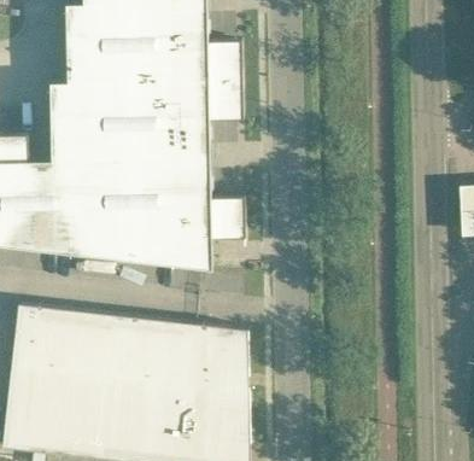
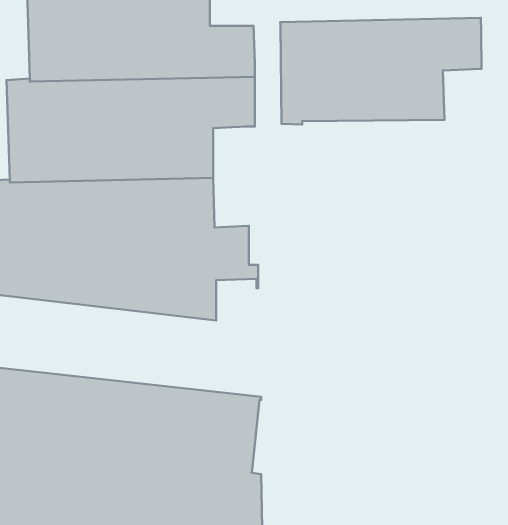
building: none -> [280,18,481,124]

